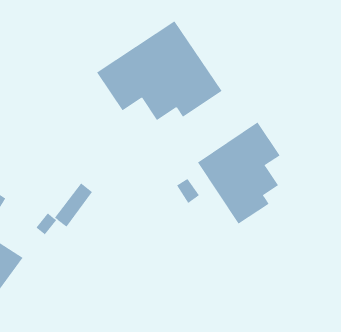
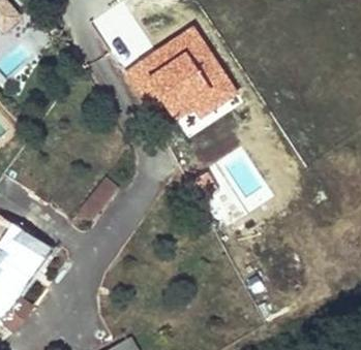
building: [197,121,280,225] -> none

